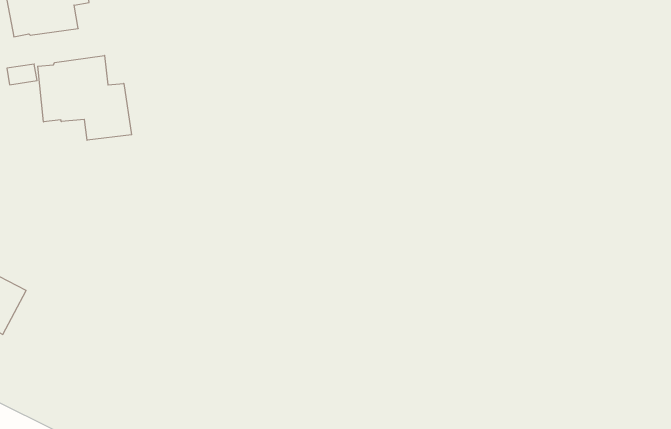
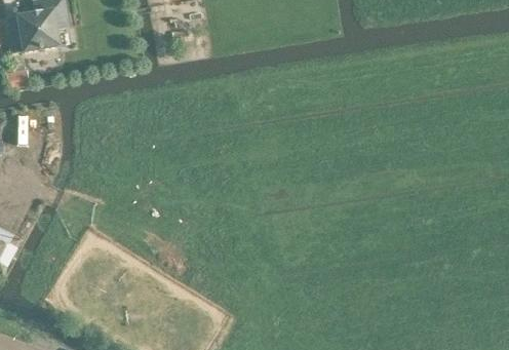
building: [38,55,132,140] -> none

